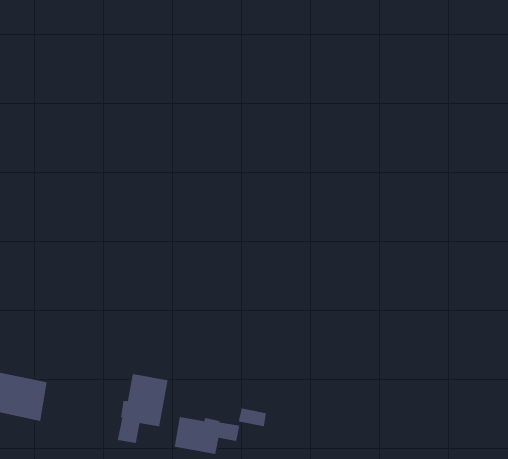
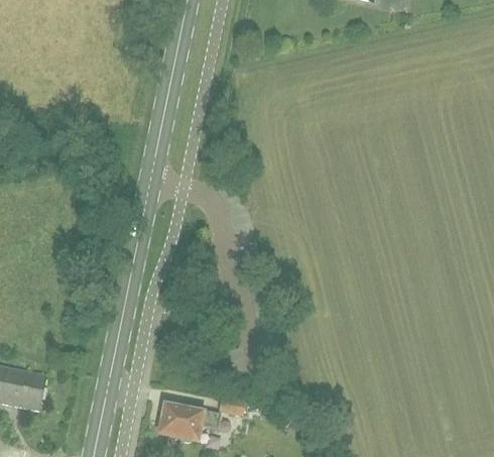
building: [117,373,168,444] -> none

